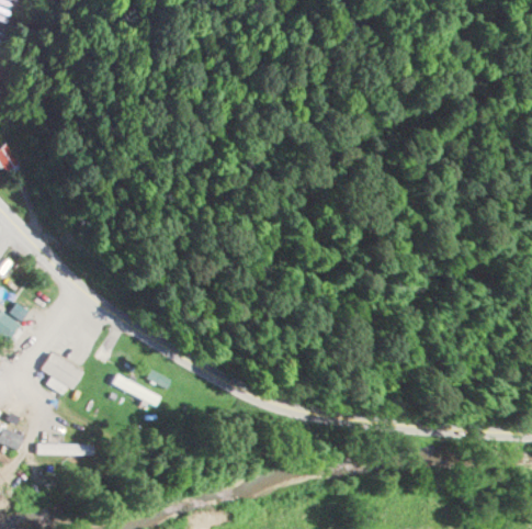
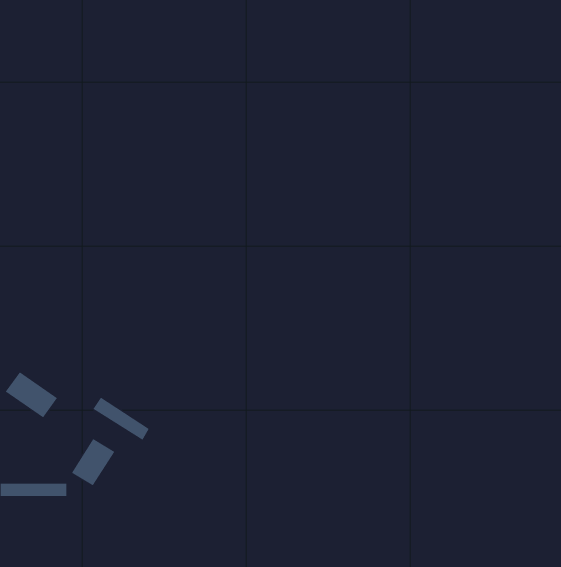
building: none -> [71,438,115,486]

